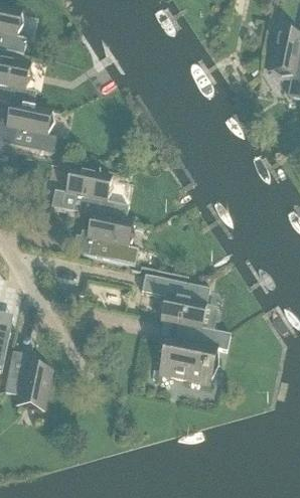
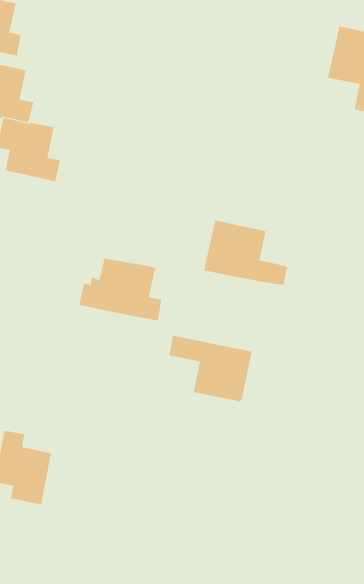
building: [61,166,129,218] -> [203,220,288,286]
building: [158,326,226,382] -> none

